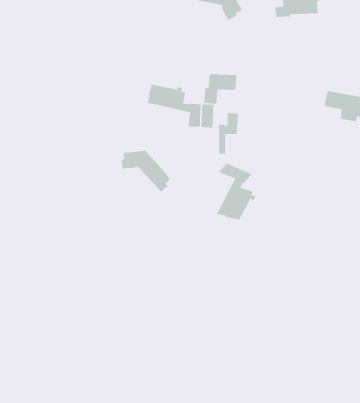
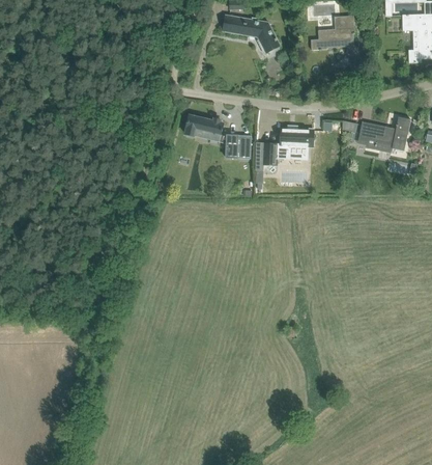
building: [204,74,237,104] -> [276,129,309,159]
building: [121,150,171,192] -> none
building: [216,163,256,221] -> none

